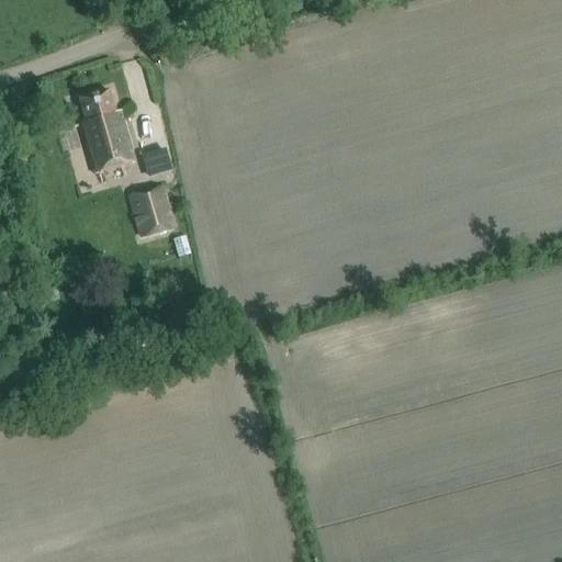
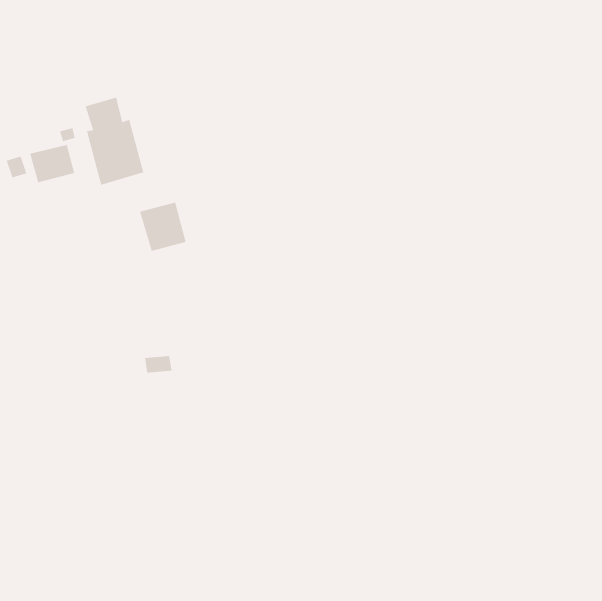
building: none -> [30,144,75,183]

